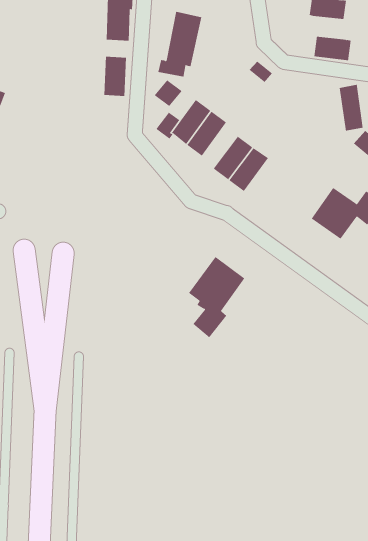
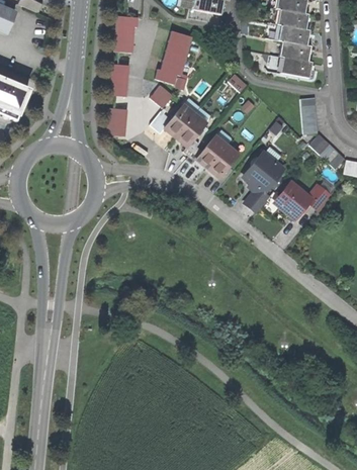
building: none -> [280,40,311,61]
building: none -> [107,107,127,135]
building: [188,256,245,338] -> [241,149,287,214]

